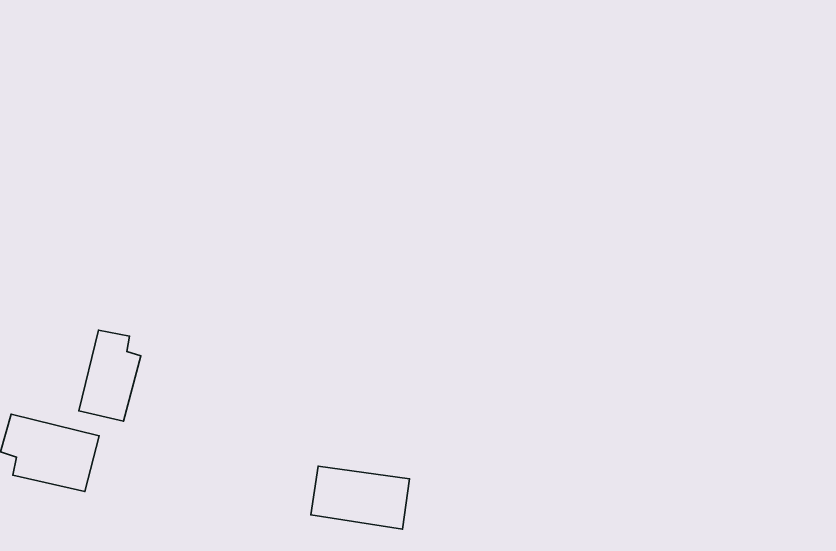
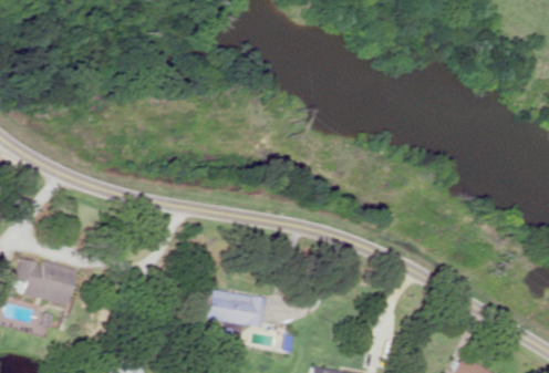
building: [79,330,141,421] -> none

